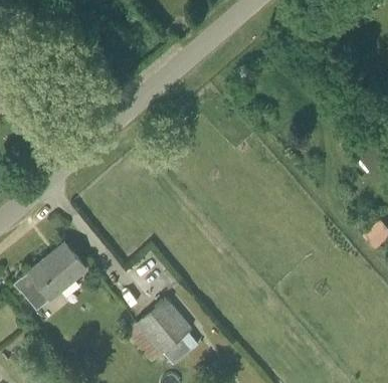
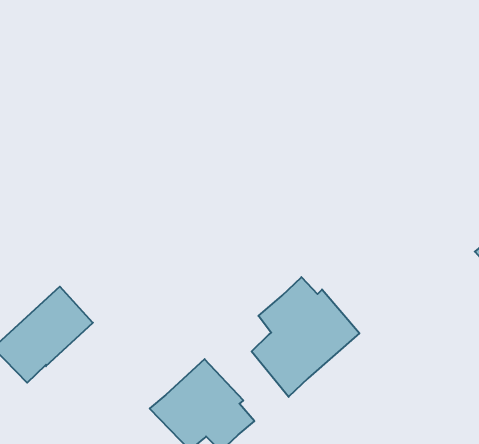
building: none -> [252,277,359,397]

